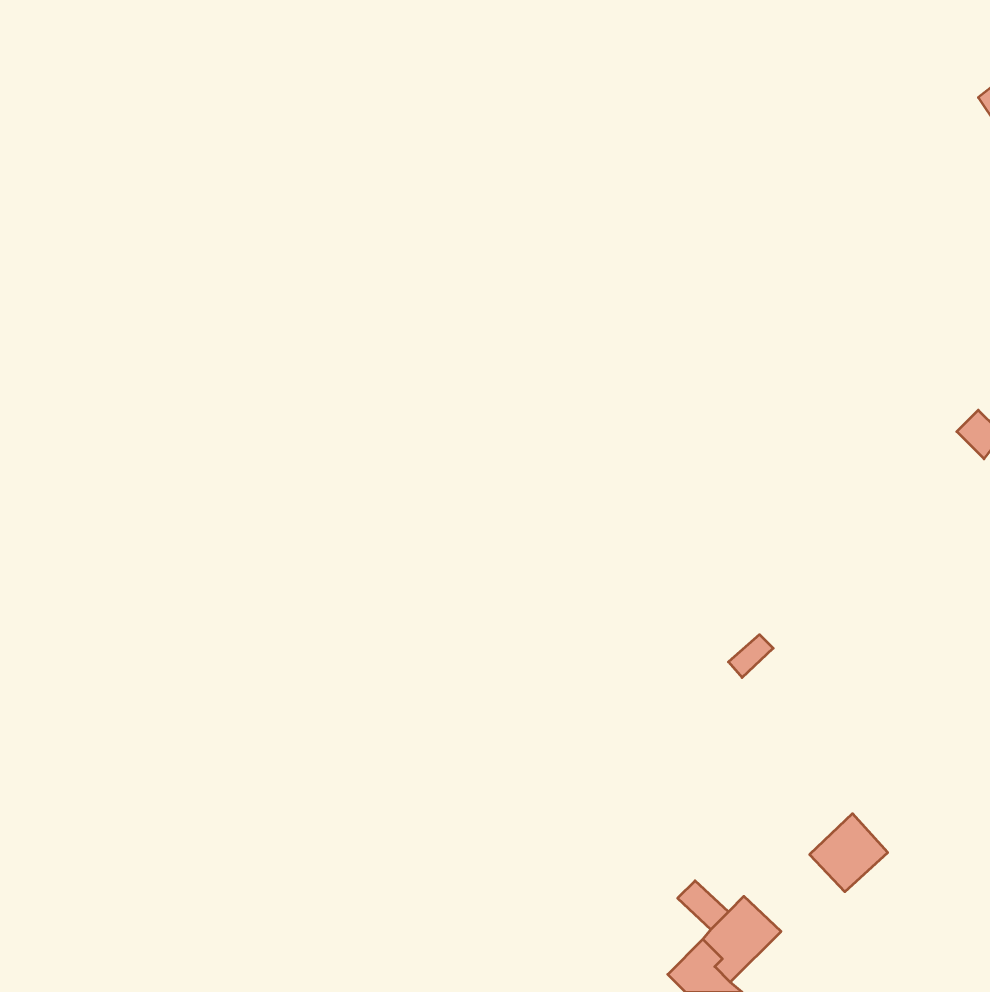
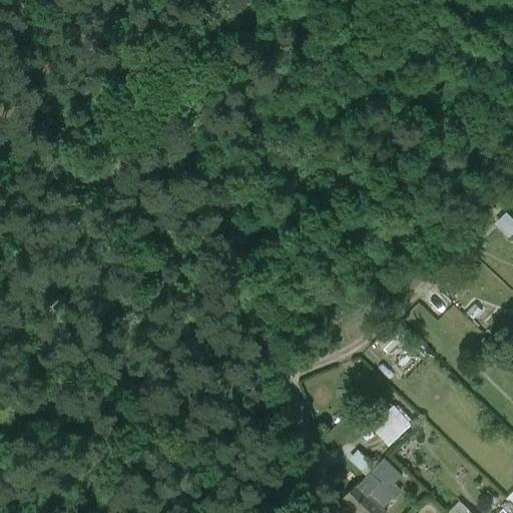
building: [810,814,888,892] -> [374,406,414,446]

